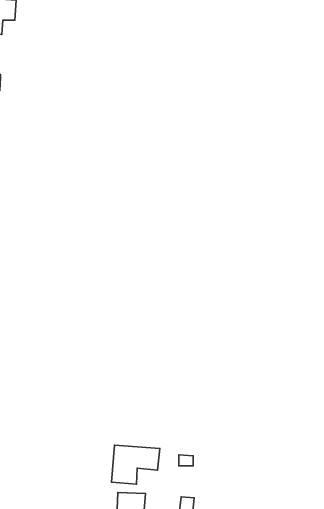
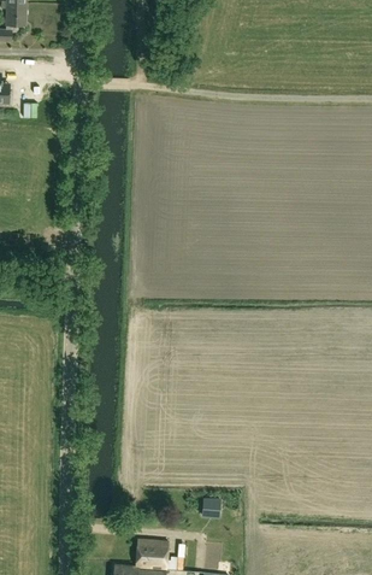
building: [112,445,160,484] -> none

